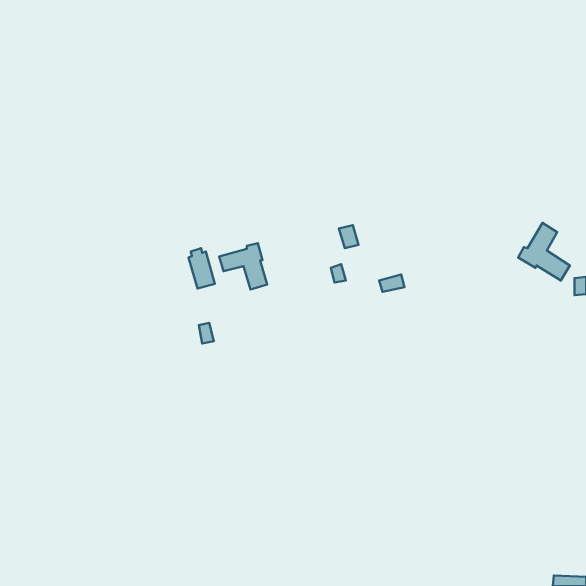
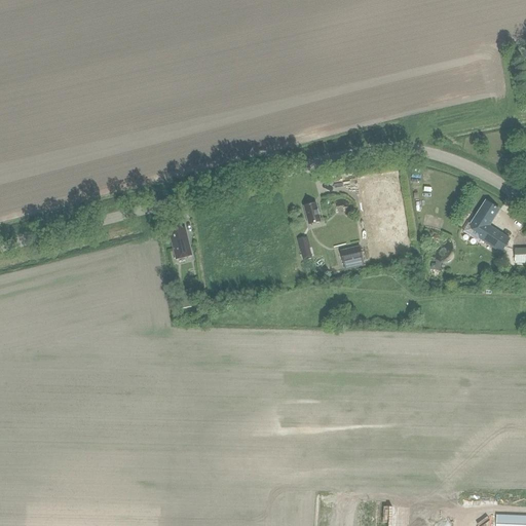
building: [219,243,267,289] -> none

